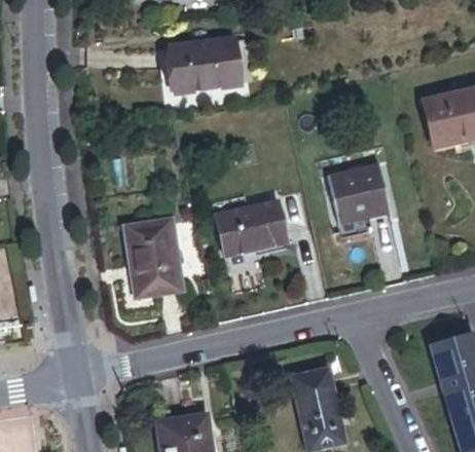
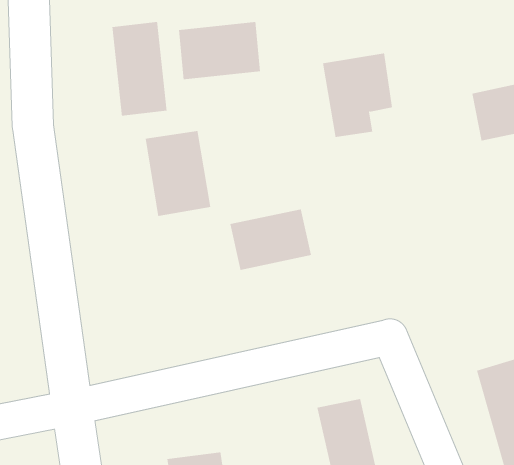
building: none -> [112,21,167,117]
building: [327,158,390,233] -> [322,53,393,138]
building: [122,227,181,303] -> [145,130,211,216]

